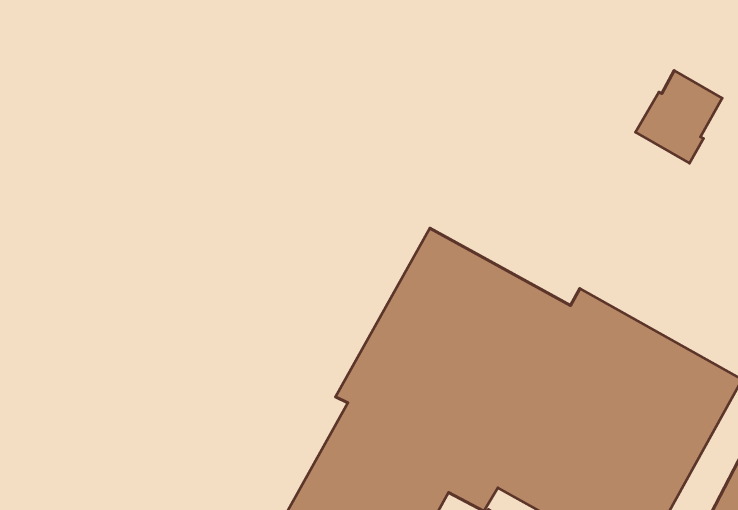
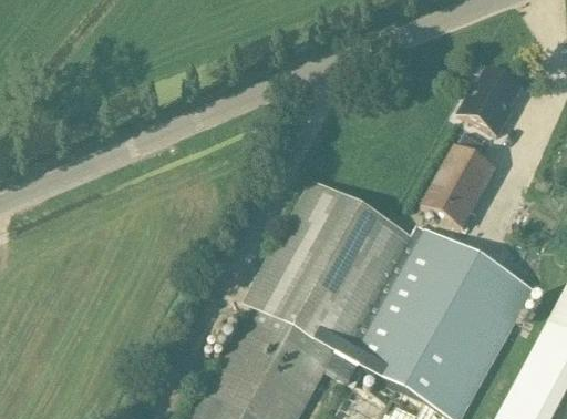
building: none -> [423,129,497,224]

